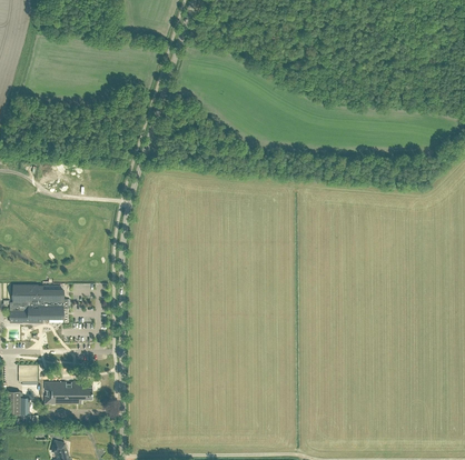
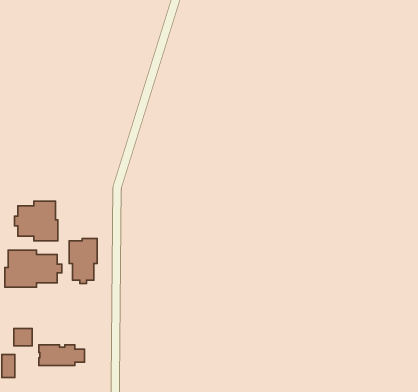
building: none -> [15,201,58,241]
building: none -> [69,238,97,284]

